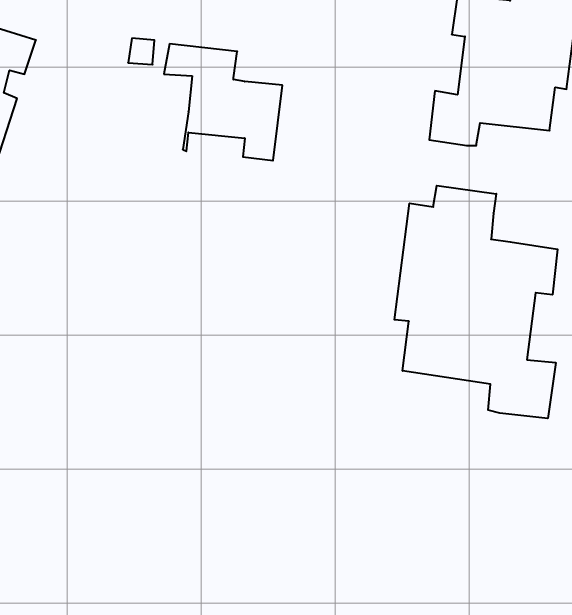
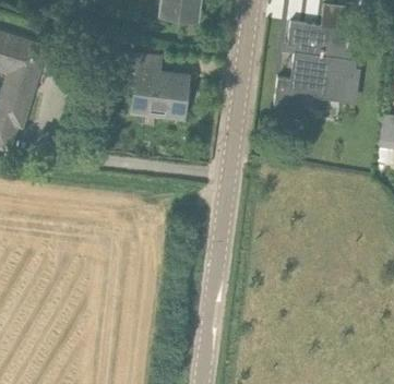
building: [394,186,558,418] -> none

